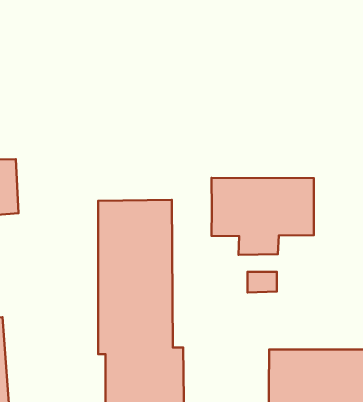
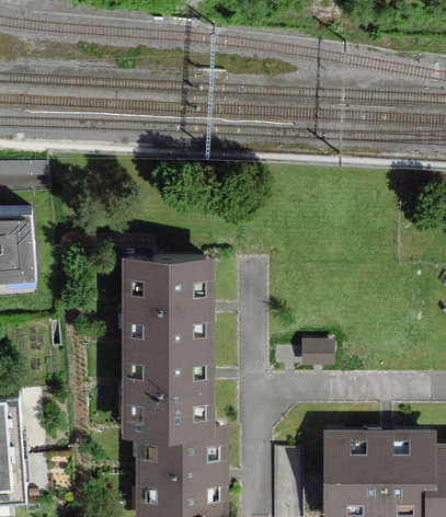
building: [212,178,314,255] -> none

